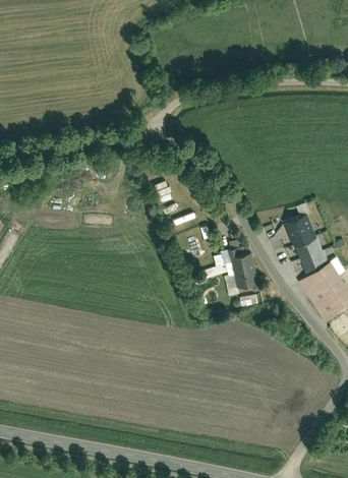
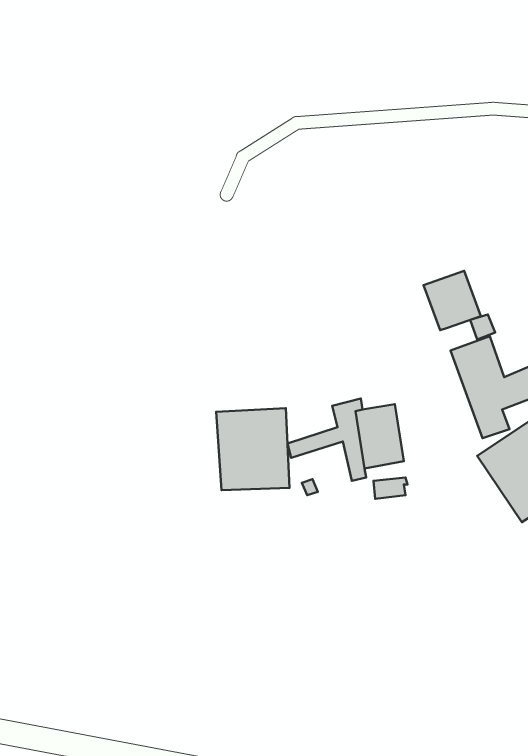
building: none -> [423,271,481,330]
building: none -> [216,408,290,490]

